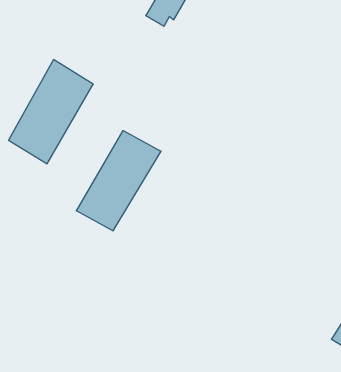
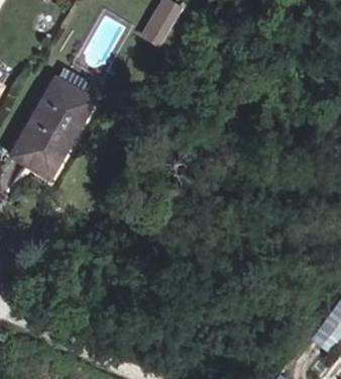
building: [76,131,161,231] -> none

